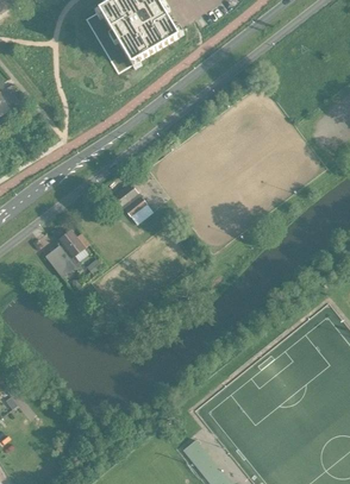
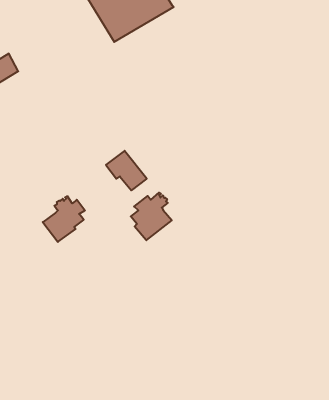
building: none -> [131,193,172,240]

